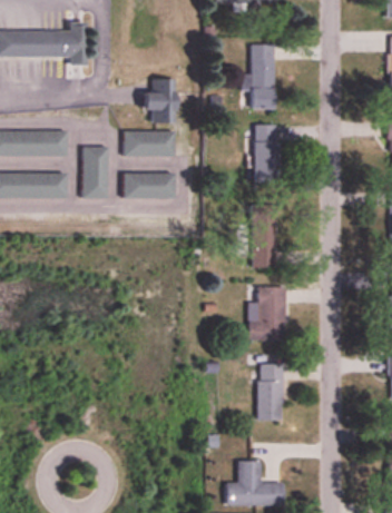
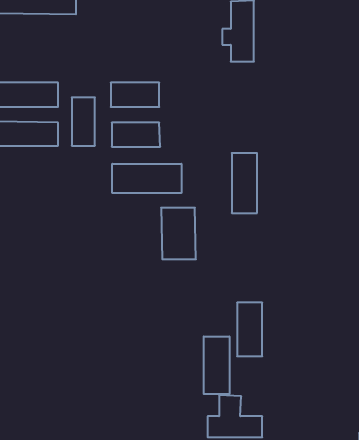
building: [145,79,177,124] -> none
building: [254,124,281,182] -> none
building: none -> [112,164,181,193]
building: [249,286,286,341] -> [161,208,196,259]
building: none -> [204,336,229,394]

